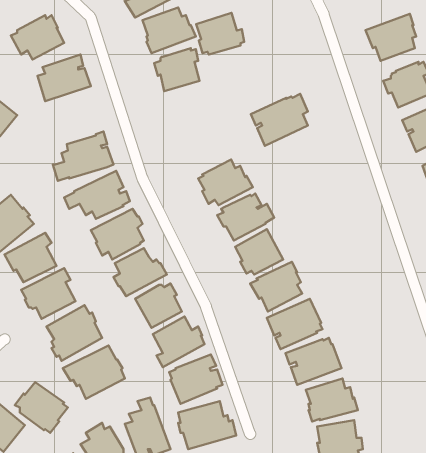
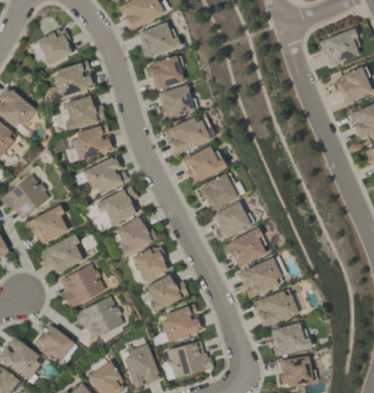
building: [196,13,244,54] -> [159,85,198,119]
building: [251,94,308,146] -> [165,114,211,156]
building: none -> [66,93,106,131]

